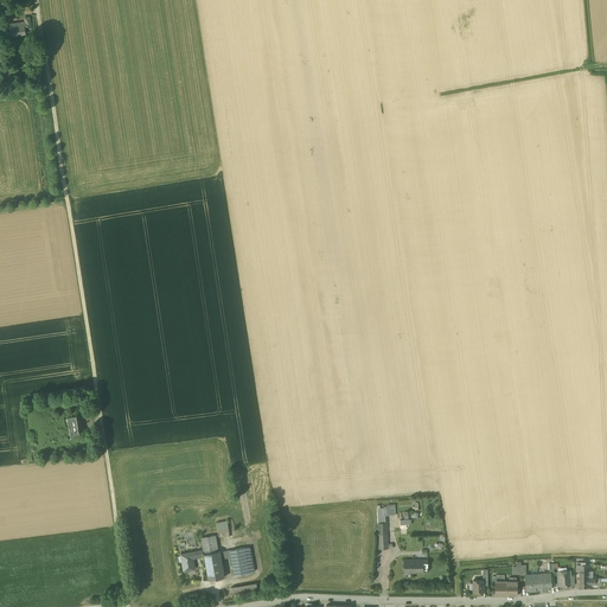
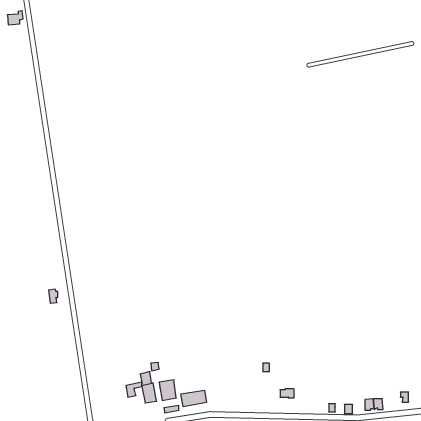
building: none -> [181,390,206,407]

